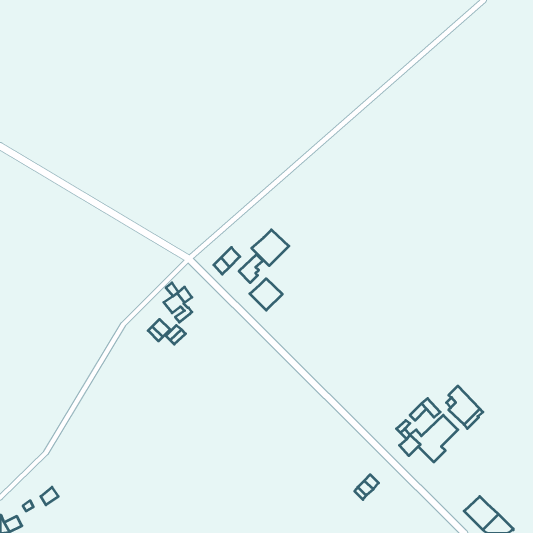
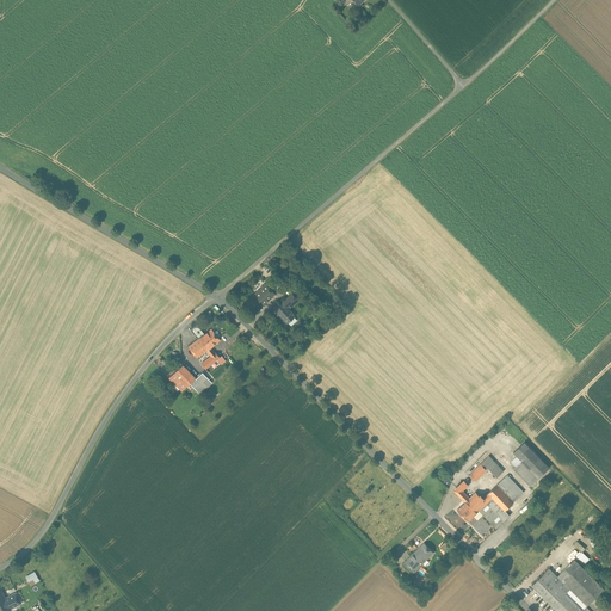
building: [252,230,289,266] -> none
building: [250,279,282,310] -> none
building: none -> [557,560,604,605]

